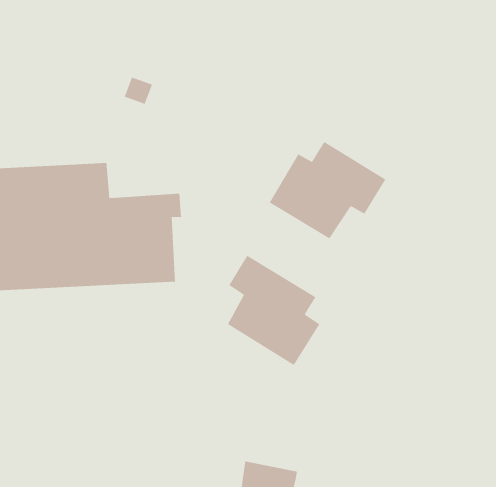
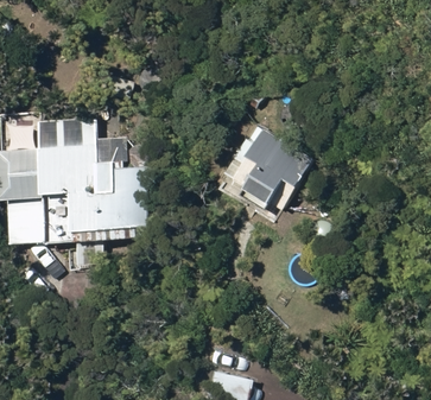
building: [227,255,320,366] -> none

